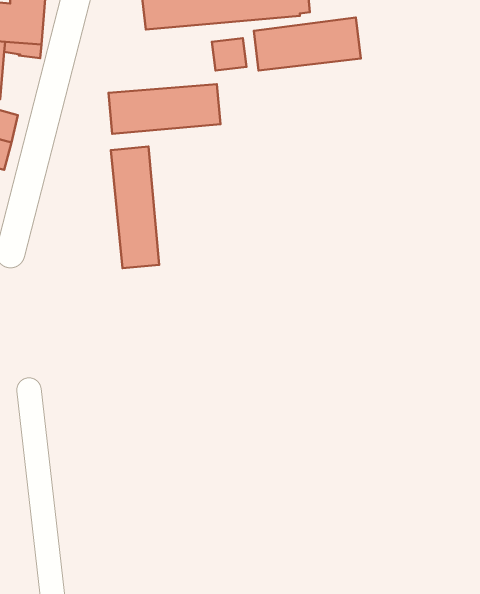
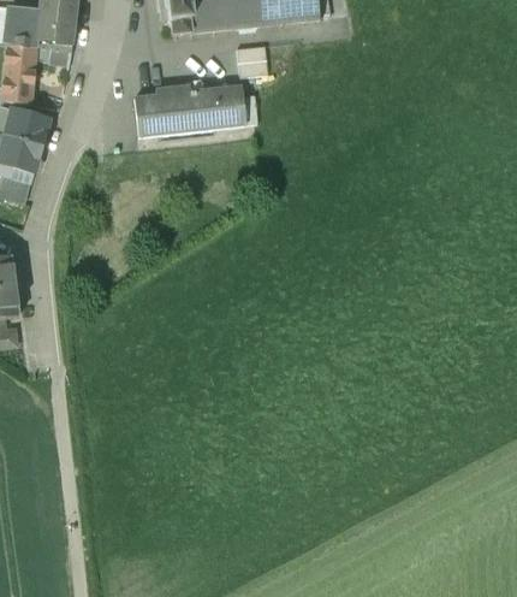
building: [254,18,361,71] -> none
building: [111,147,159,268] -> none

